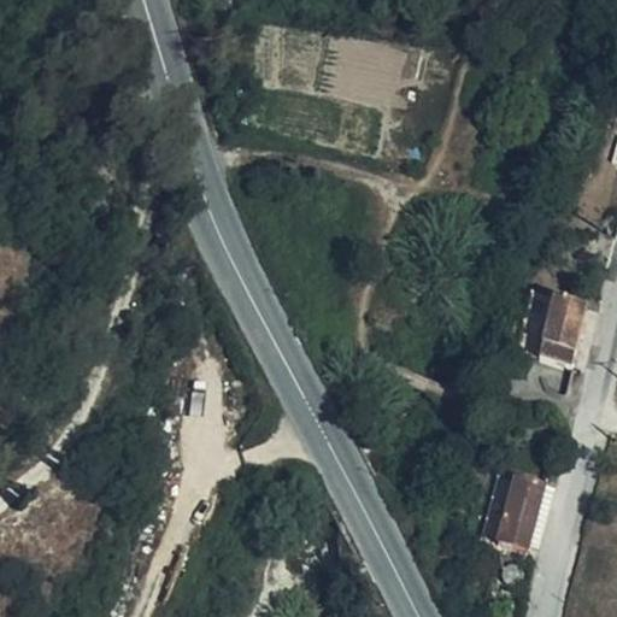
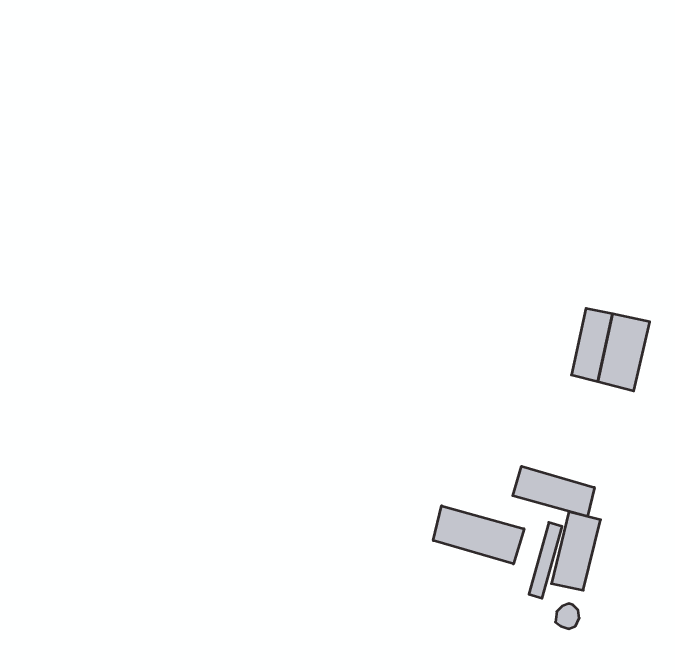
building: none -> [513,466,594,516]
building: none -> [433,506,524,564]

